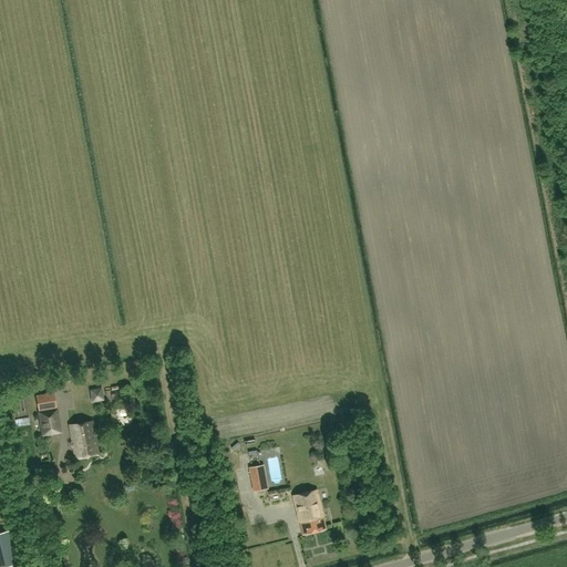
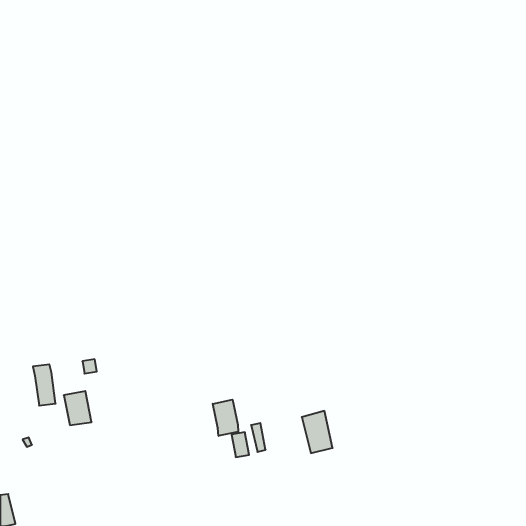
building: none -> [213,400,238,436]
building: [292,489,326,535] -> [302,411,333,453]

